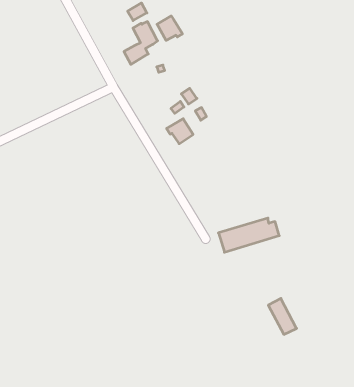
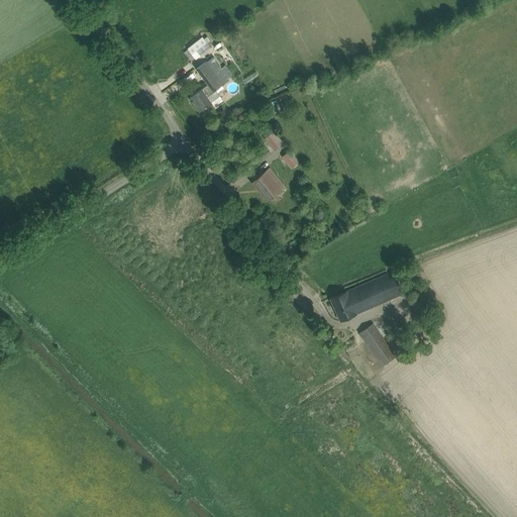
building: [157,16,182,40] -> none
building: [268,298,297,334] -> [357,324,395,367]

